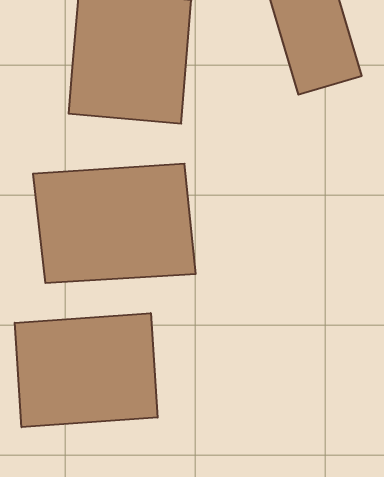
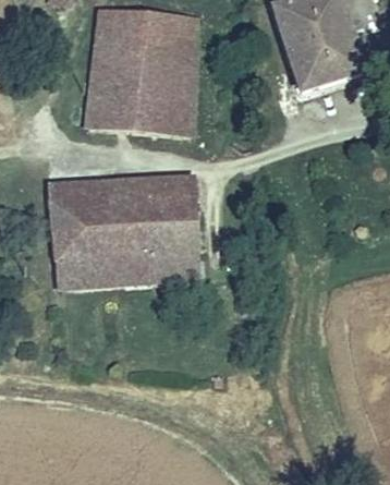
building: [15,313,158,427] -> none

